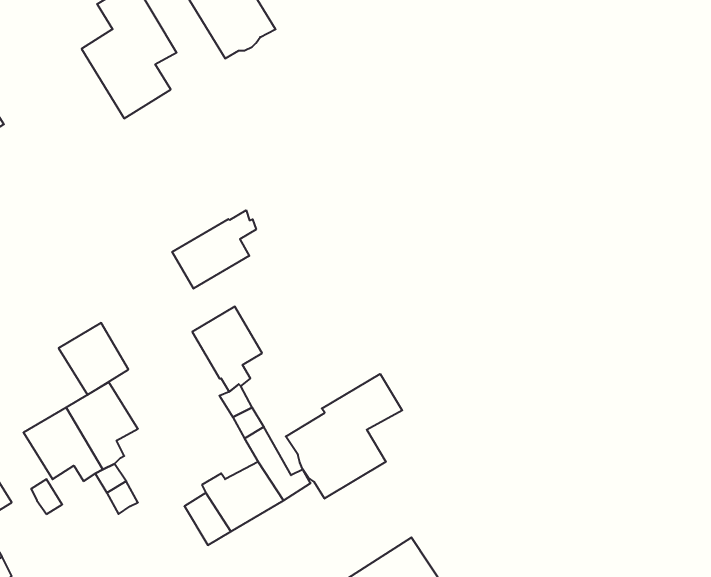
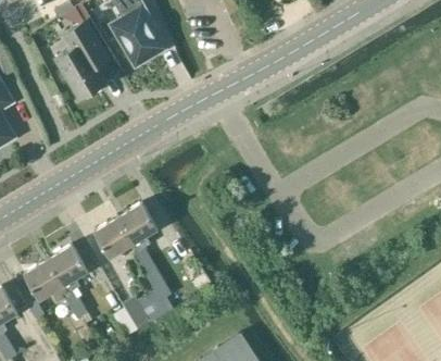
building: [172,210,256,289] -> none
building: [59,323,128,395] -> [93,217,133,258]
building: [286,374,402,499] -> none

